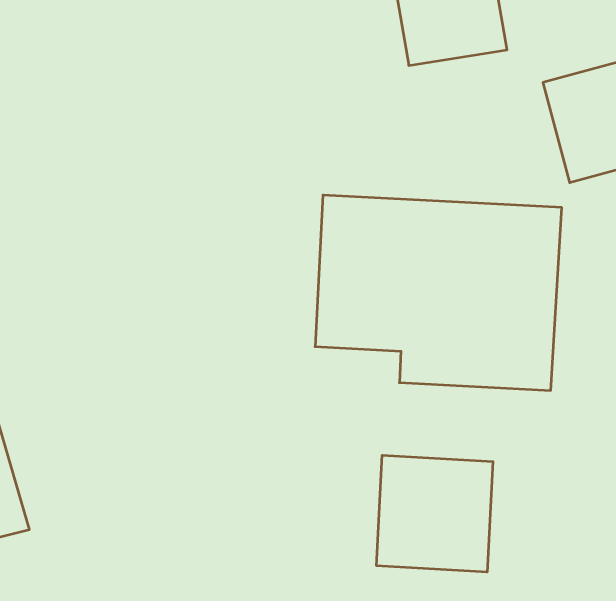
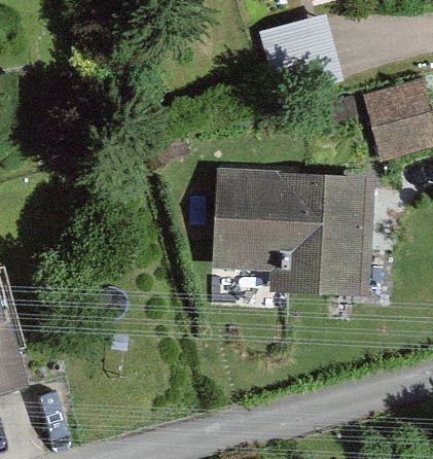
building: [377,455,493,572] -> none

